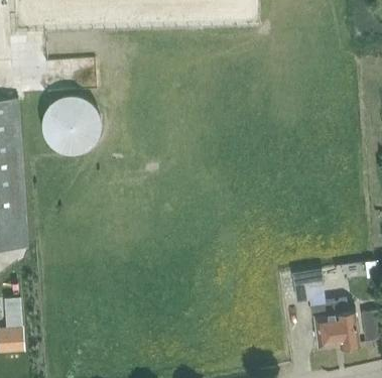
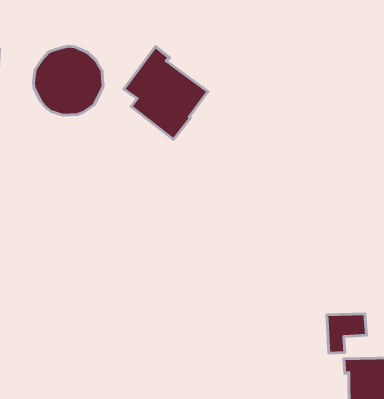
building: none -> [124,47,208,139]

